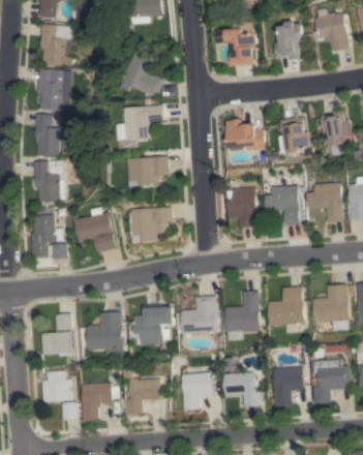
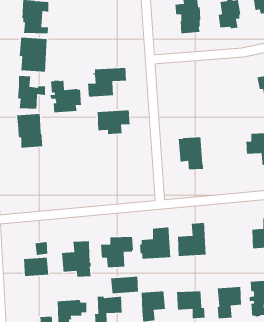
building: [122,50,164,95] -> none
building: [280,116,310,153] -> none
building: [226,118,265,151] -> none
building: none -> [50,80,82,113]
building: [264,185,299,224] -> none
building: [74,206,116,251] -> none
building: [132,206,173,241] -> none
building: [31,207,67,259] -> none
building: [269,285,304,325] -> none
building: none -> [110,276,139,294]
building: [41,377,72,401] -> none

